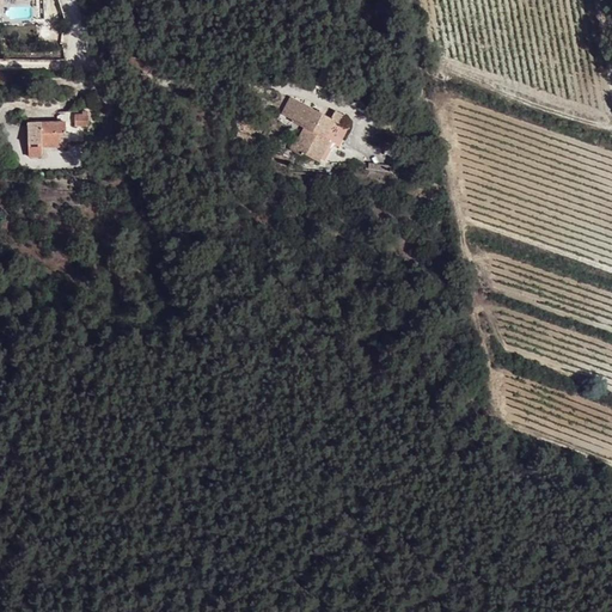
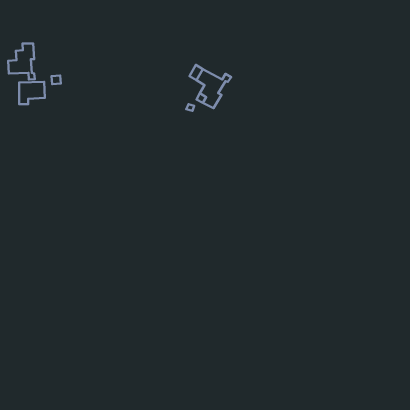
building: none -> [8,43,35,79]

